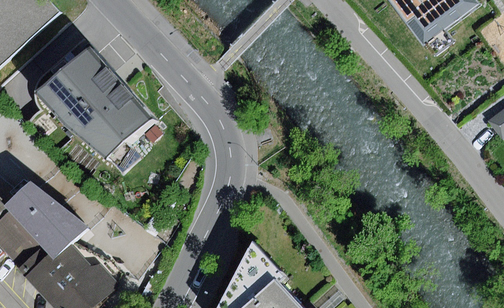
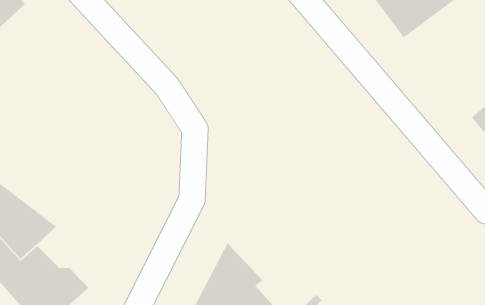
building: [42,52,157,160] -> none

